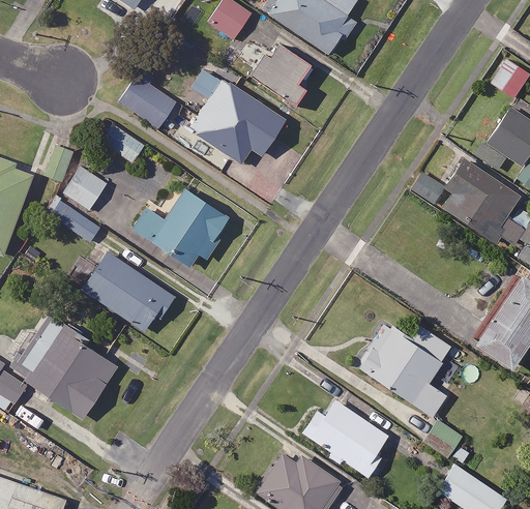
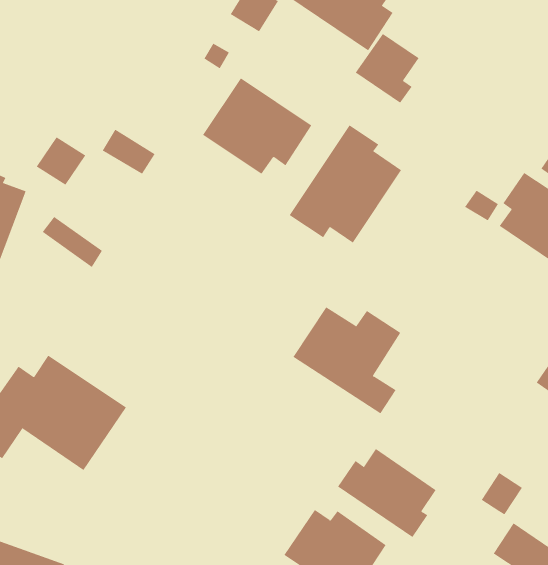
building: [254,43,310,104] -> [355,33,420,104]
building: [121,78,175,128] -> none
building: none -> [289,125,402,244]
building: [64,168,108,210] -> [36,136,86,186]
building: [132,188,230,270] -> none
building: [82,250,175,335] -> none
building: [356,323,450,416] -> [292,307,401,414]

